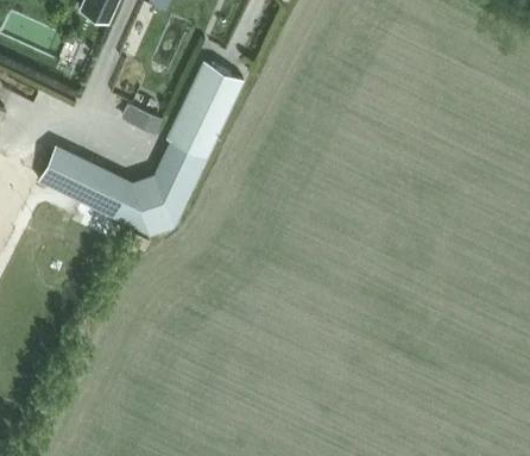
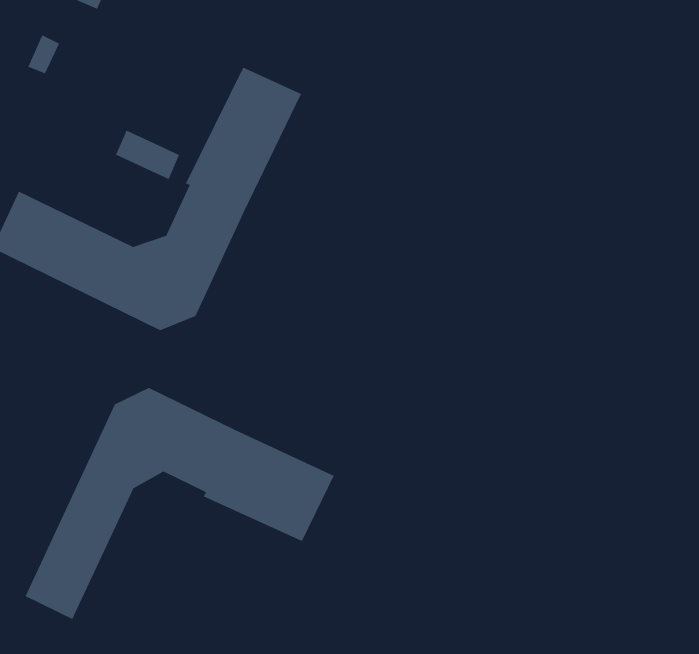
building: none -> [25,387,335,620]

